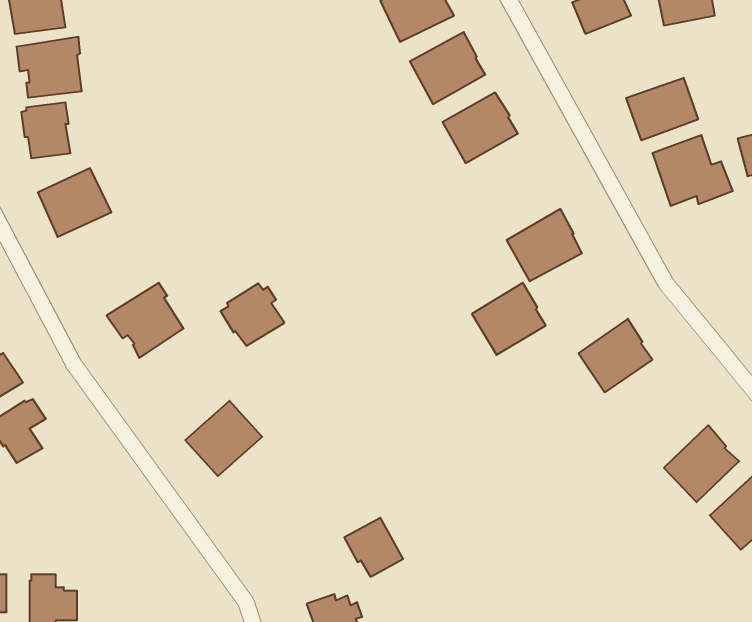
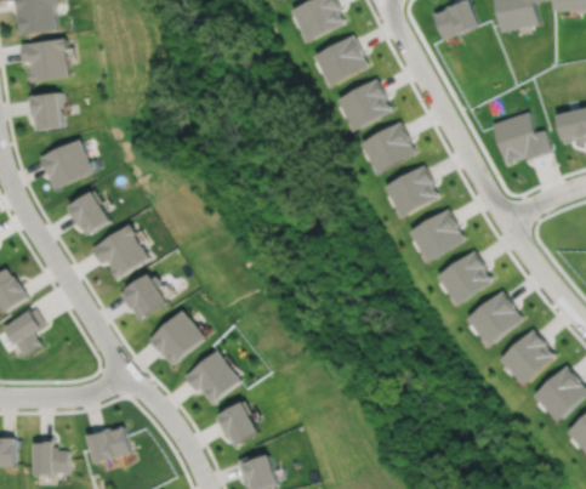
building: [626,78,698,140] -> none
building: none -> [362,125,416,177]
building: none -> [64,188,109,234]
building: [472,283,546,355] -> [410,206,465,260]
building: [220,283,284,346] -> [118,272,165,318]
building: none -> [468,290,523,345]
building: none -> [183,349,239,403]
building: [344,518,403,577] -> [214,402,257,445]
building: none -> [85,426,130,464]

